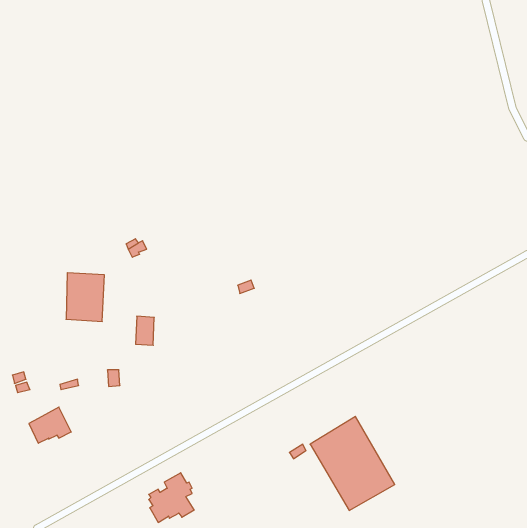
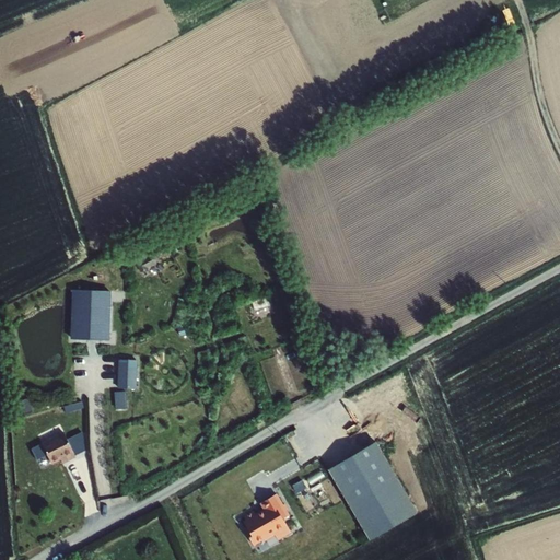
building: [136,316,154,345] -> [117,359,137,389]
building: [149,473,194,522] -> [243,493,291,546]

